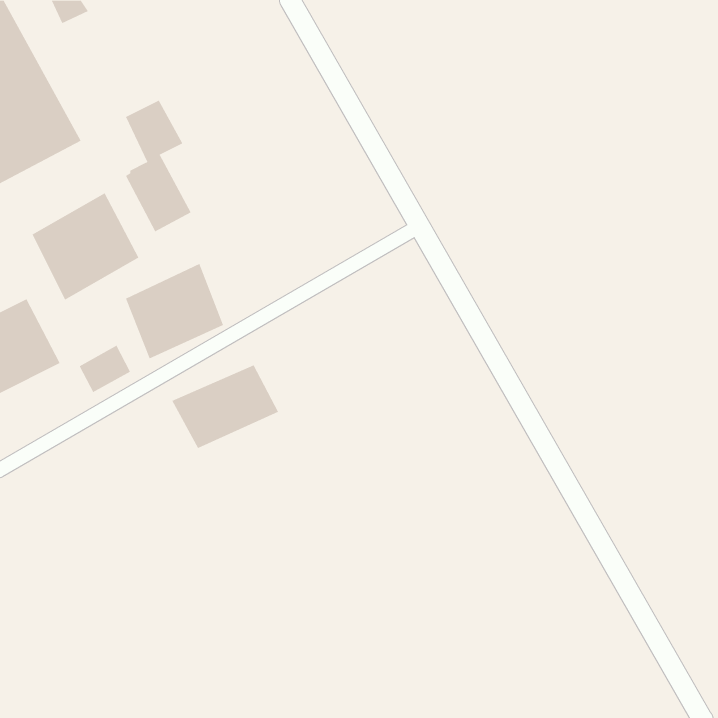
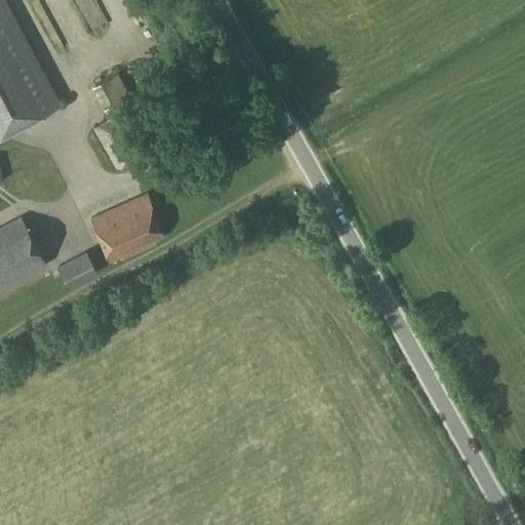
building: [32,193,139,300] -> none
building: [171,364,279,449] -> none

